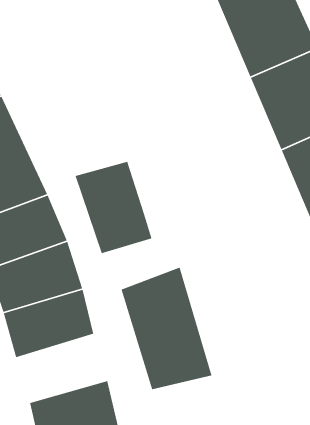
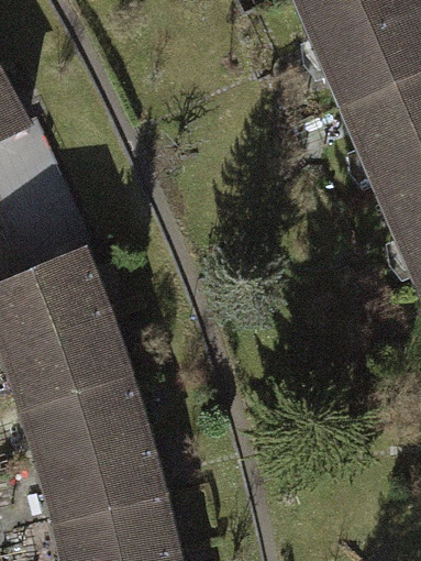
building: [74,161,153,254] -> none
building: [120,266,213,390] -> none
building: none -> [40,431,158,519]

